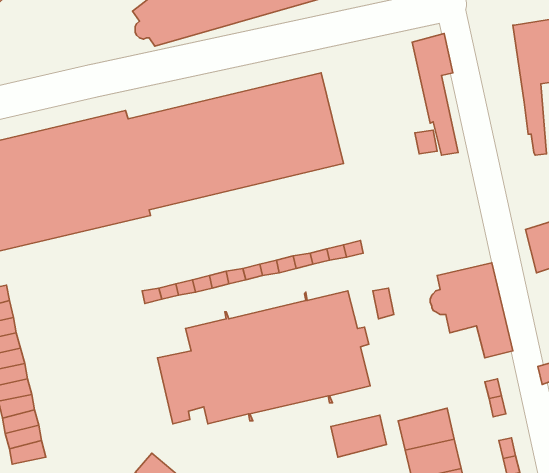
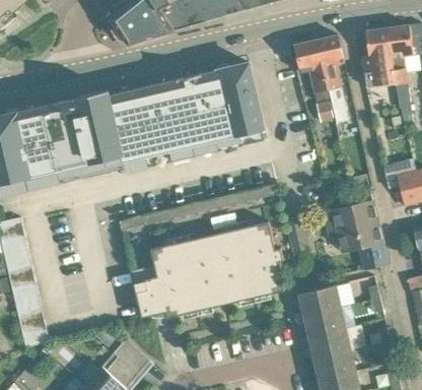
building: none -> [360,27,395,86]
building: none -> [293,40,327,101]
building: [331,415,387,457] -> [298,284,339,315]

